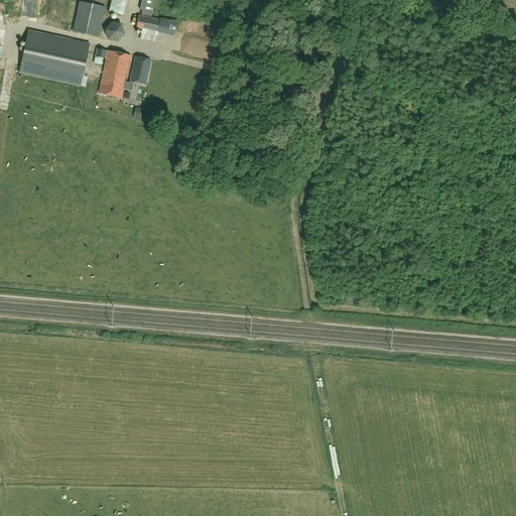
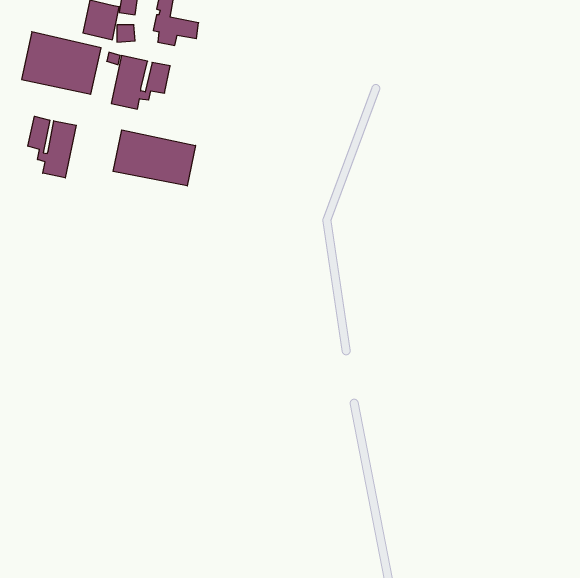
building: none -> [28,116,76,178]
building: none -> [113,130,195,186]

